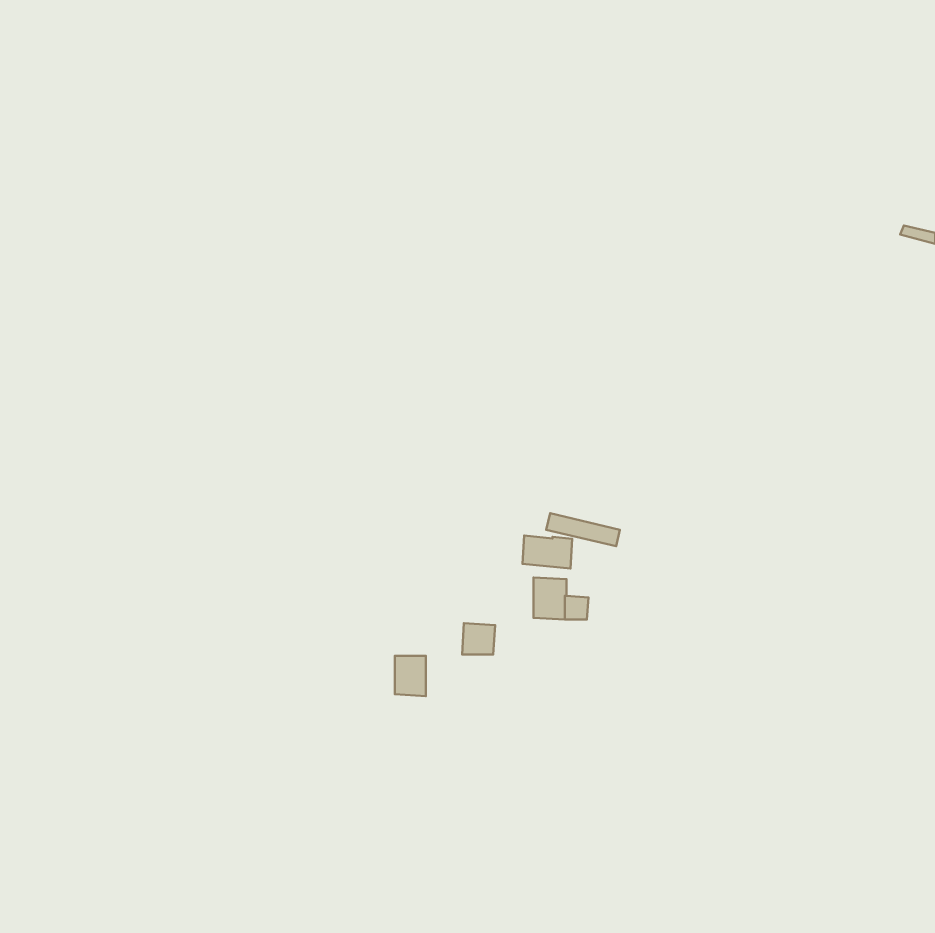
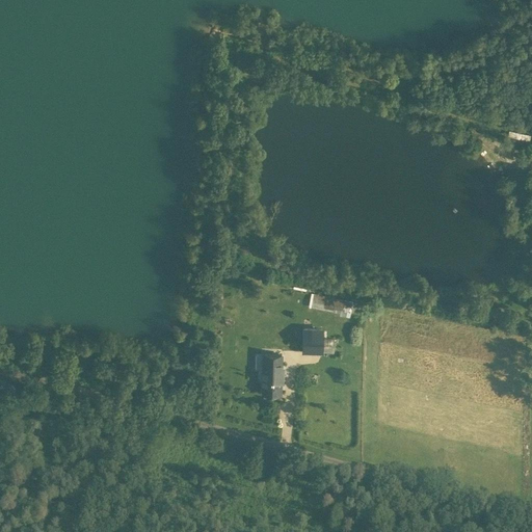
building: [523,536,572,569] -> none
building: [395,656,426,696] -> [262,373,280,396]

